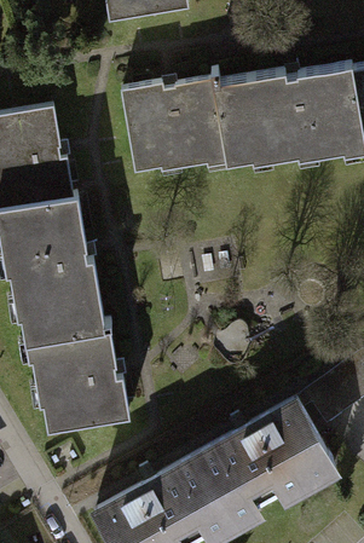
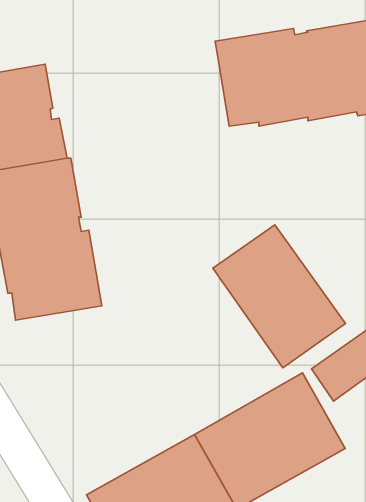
building: [120,79,227,172] -> none
building: none -> [213,225,345,368]
building: [27,333,132,434] -> none

